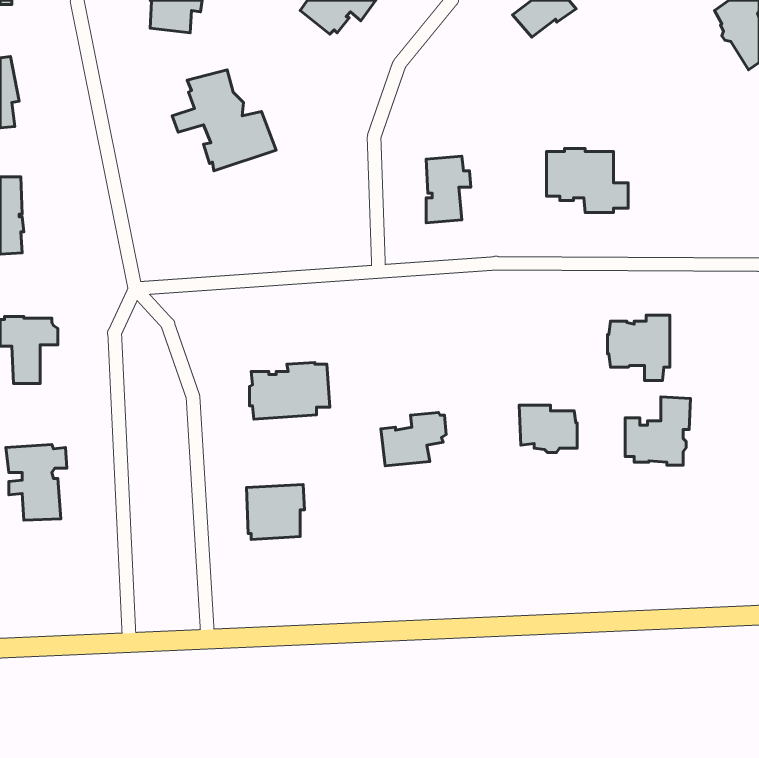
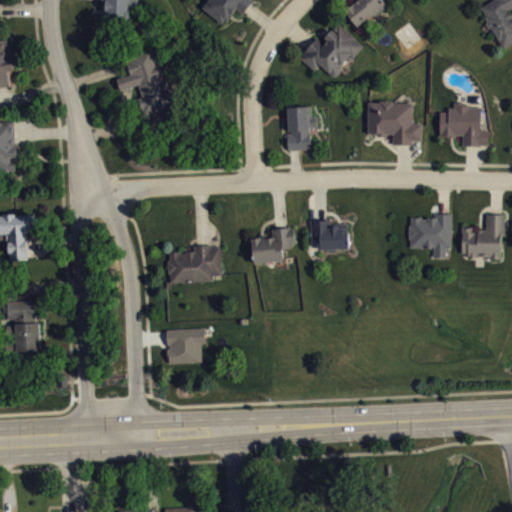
building: none -> [300,24,363,76]
building: none -> [440,102,488,147]
building: [625,397,690,465] -> [462,213,506,259]
building: [519,405,577,453] -> [310,220,349,252]
building: [381,412,446,466] -> [251,227,295,263]

